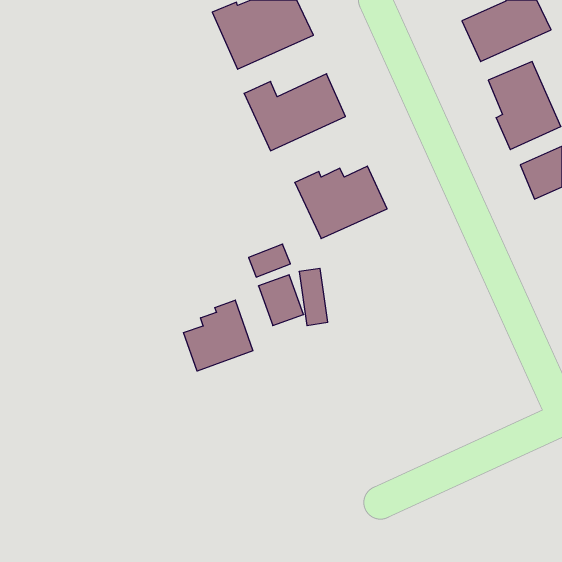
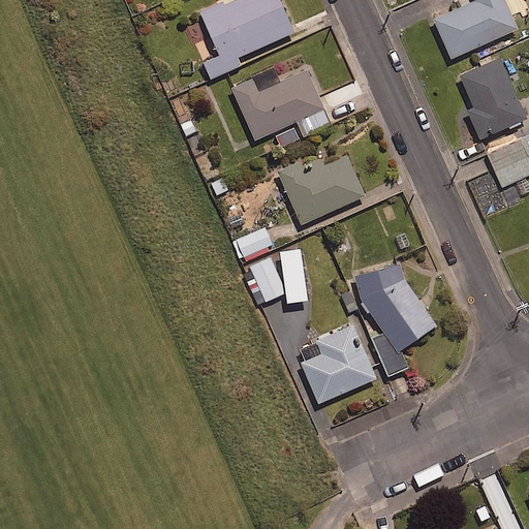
building: none -> [353,264,437,354]
building: [183,300,253,371] -> none
building: none -> [301,324,376,404]

